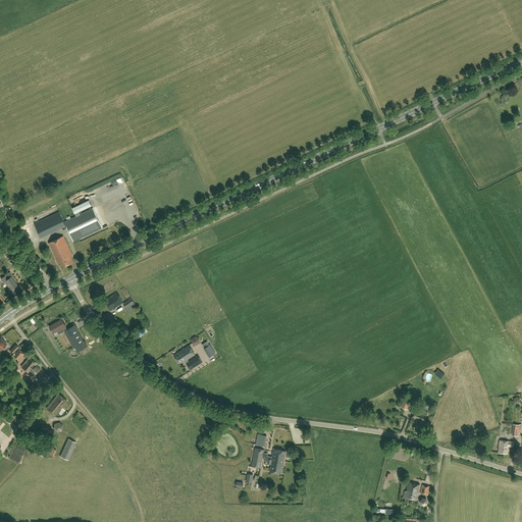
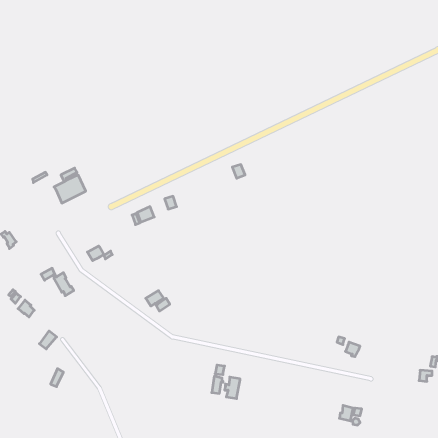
building: [35,212,66,238] -> none
building: [48,236,73,267] -> none

